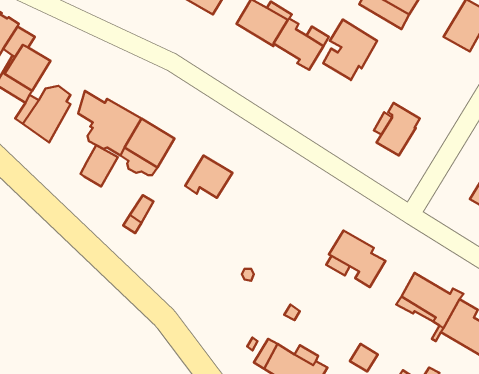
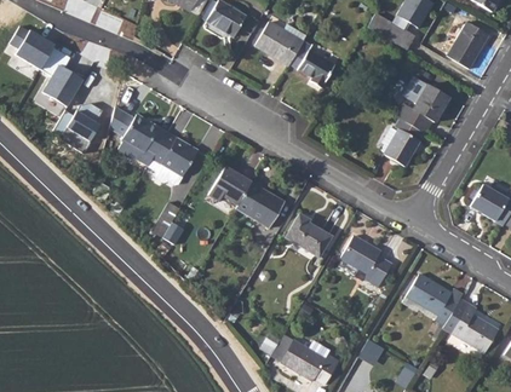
building: [323,20,377,80] -> [400,77,449,133]
building: [80,145,118,187] -> none
building: none -> [236,181,286,227]
building: none -> [286,213,332,256]

